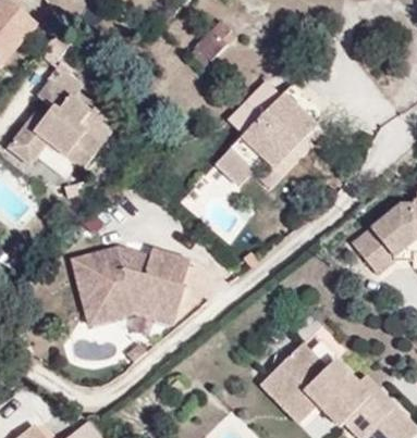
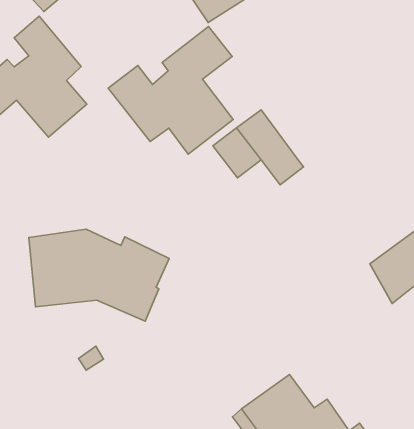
building: none -> [108,26,233,154]
building: [249,92,321,164] -> none
building: [84,302,176,325] -> none

